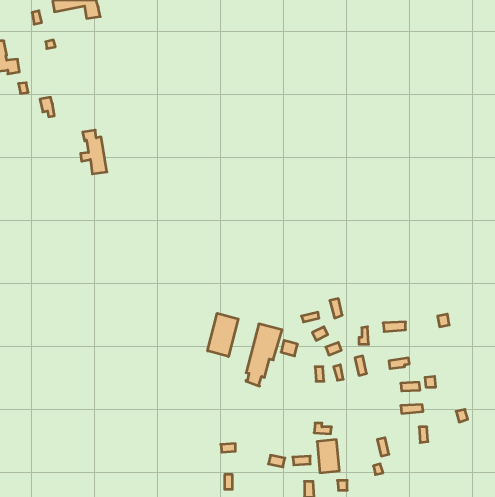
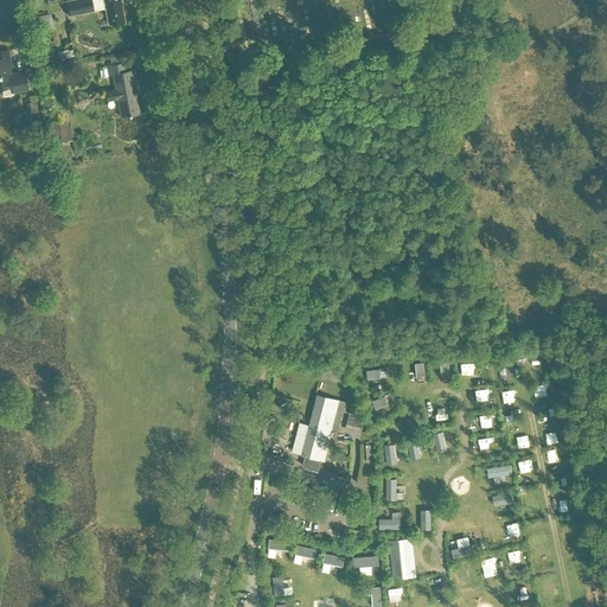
building: [81,130,107,174] -> [103,63,135,116]
building: [208,313,238,357] -> none

